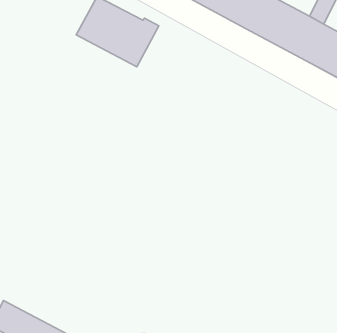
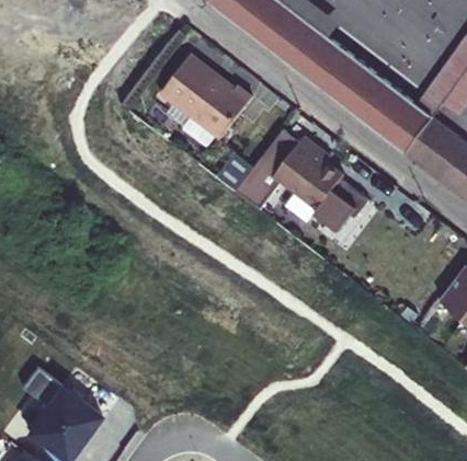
building: none -> [236,131,372,238]

